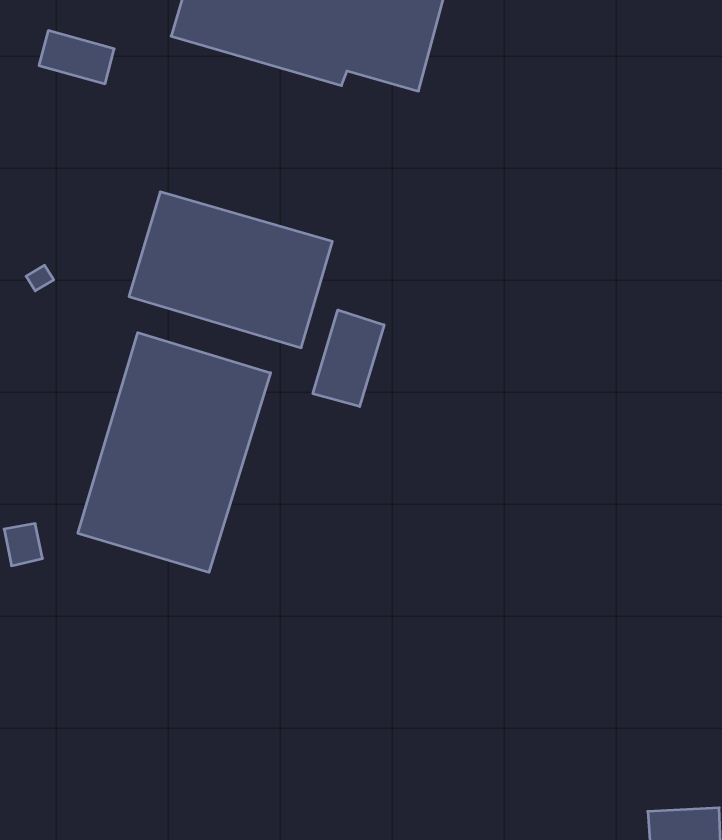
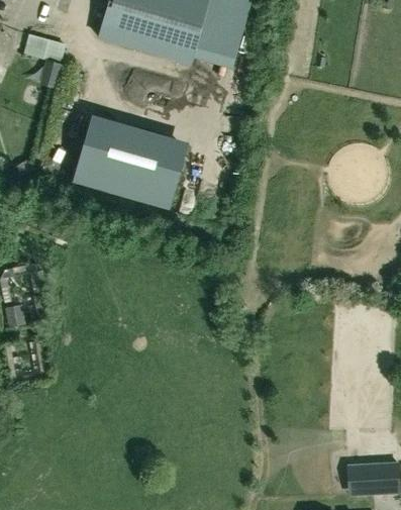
building: [313,310,384,407] -> none
building: [78,333,271,572] -> none

